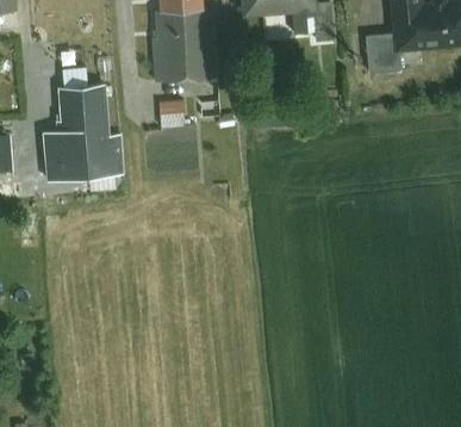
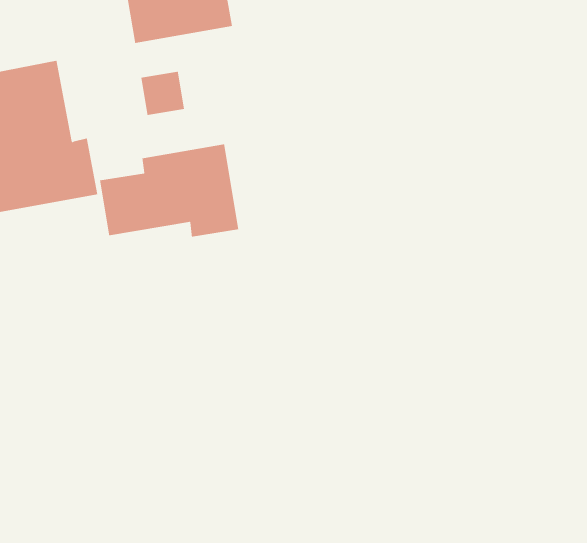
building: none -> [99,144,239,237]

